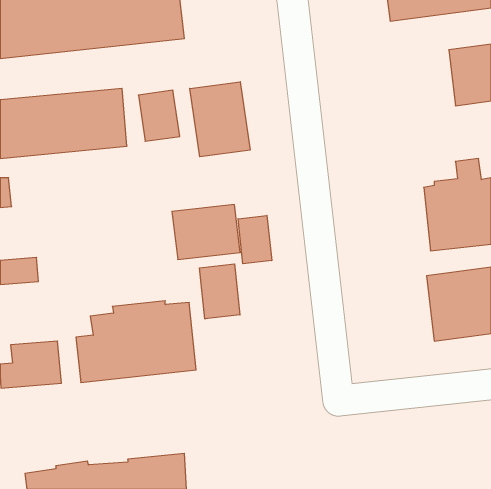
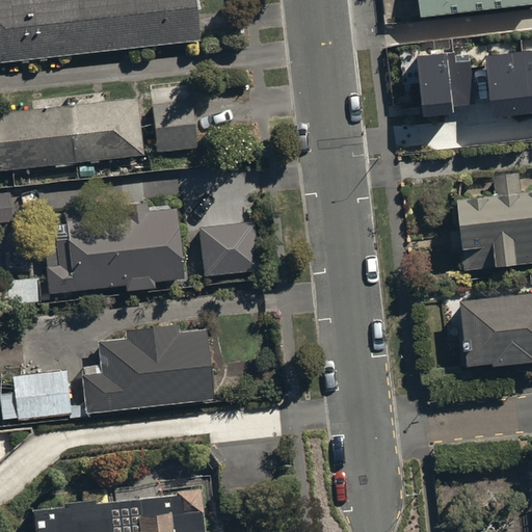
building: none -> [417,50,475,114]
building: [190,82,250,157] -> none
building: none -> [48,202,183,295]
building: [238,215,272,264] -> none
building: [200,264,240,319] -> none

